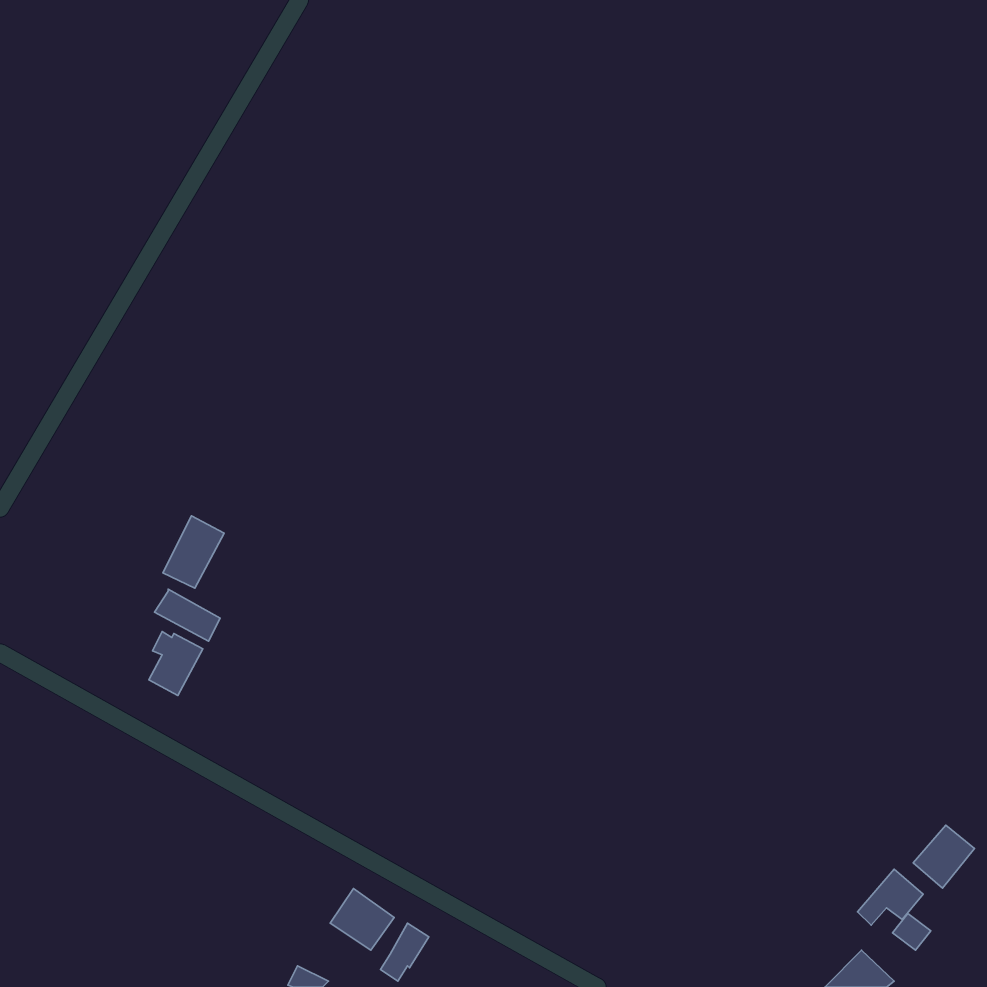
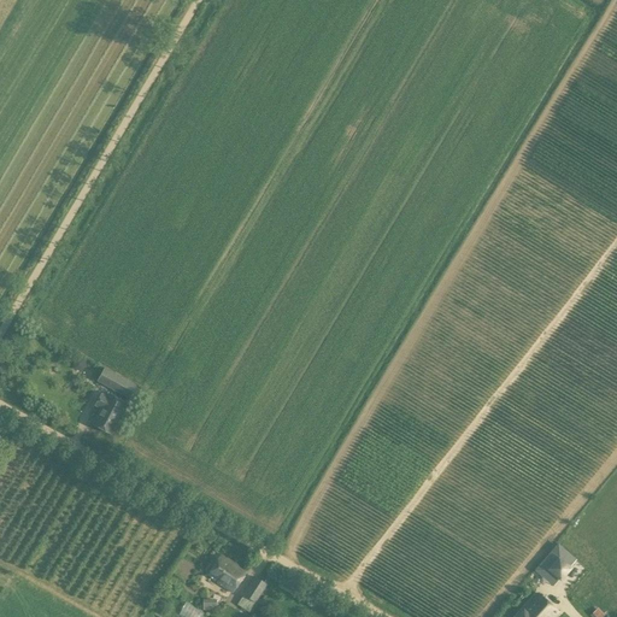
building: [163,516,224,588] -> none
building: [913,825,975,888] -> none

